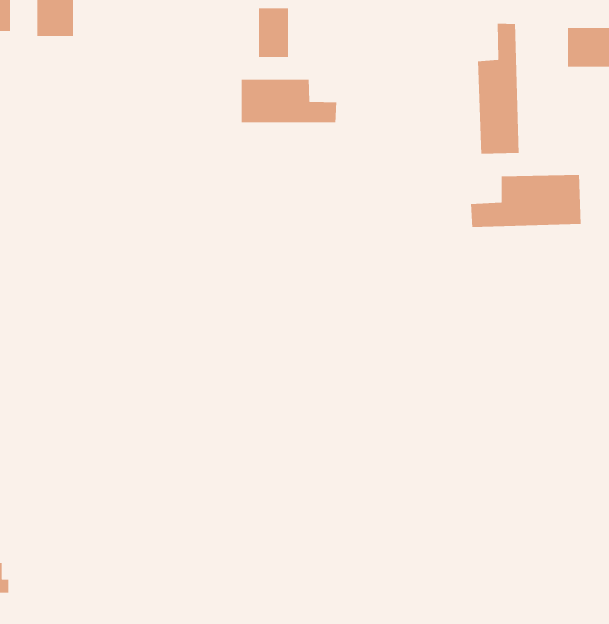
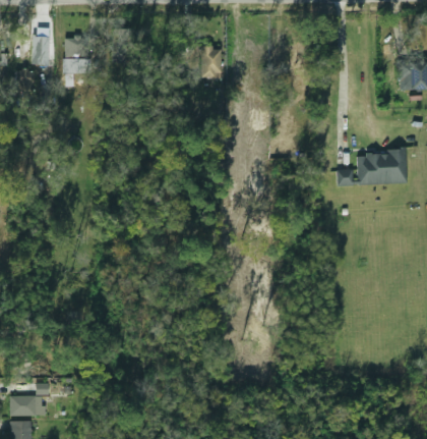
building: [477,23,520,154] -> none
building: [241,79,337,123] -> none

